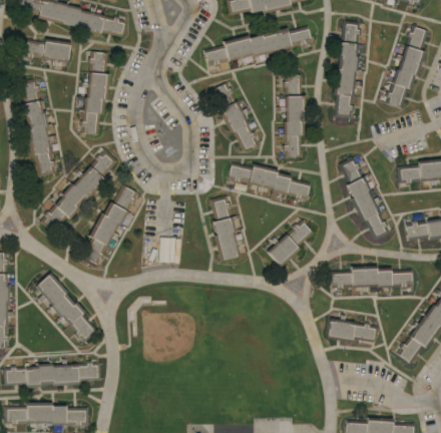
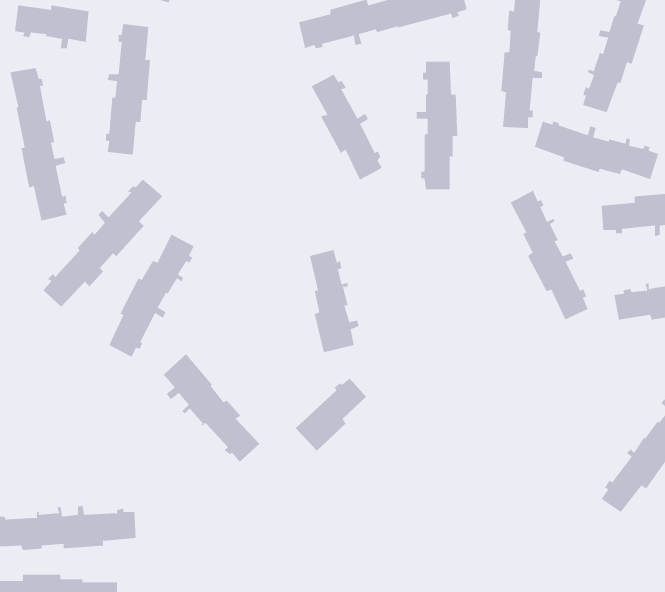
building: none -> [534,121,659,180]
building: [228,163,310,200] -> none
building: [267,221,313,268] -> [295,378,367,452]
building: [330,266,412,294] -> none
building: [35,273,97,343] -> [163,353,260,463]
building: [326,315,376,343] -> none

